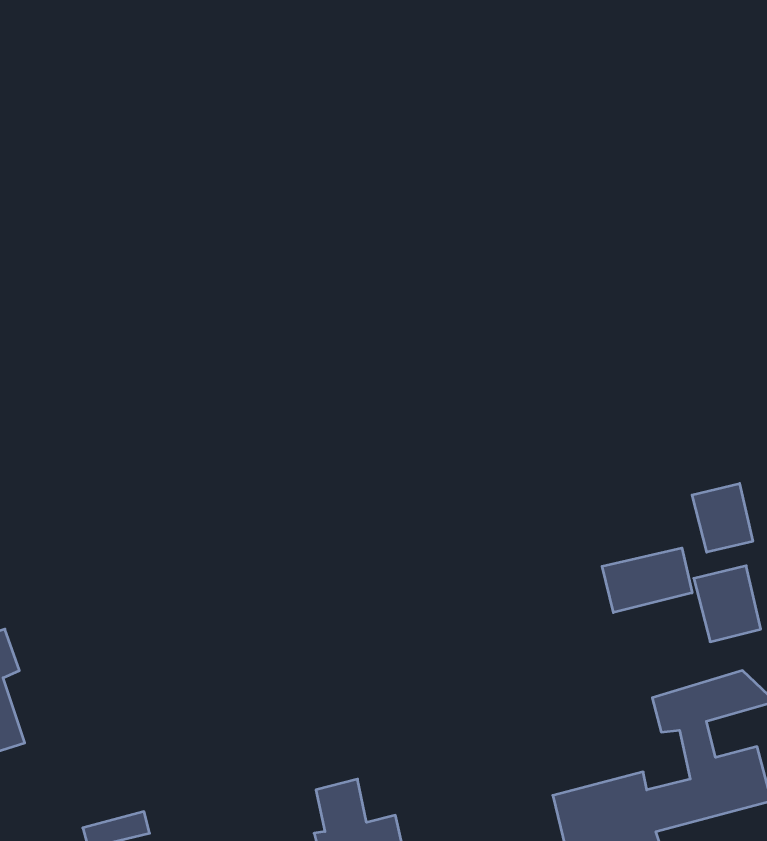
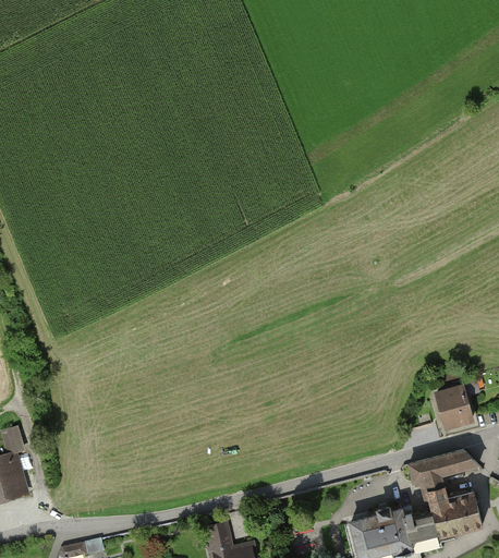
building: [692,483,753,552] -> none
building: [602,548,692,613] -> none

